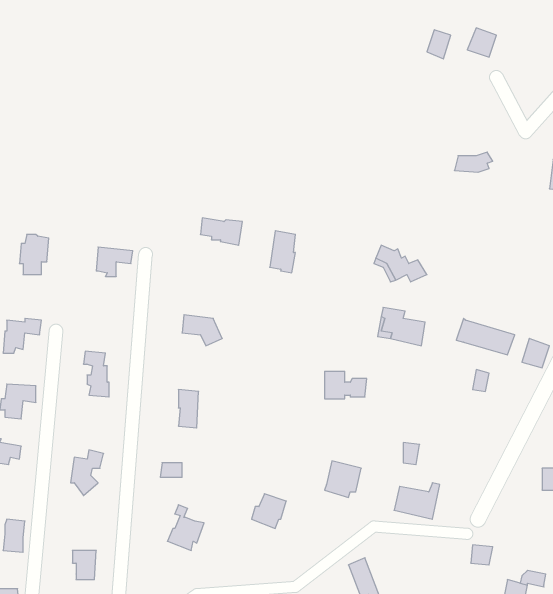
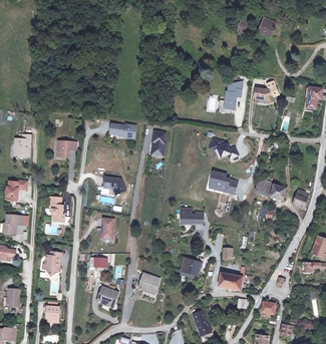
building: none -> [217,82,241,111]

